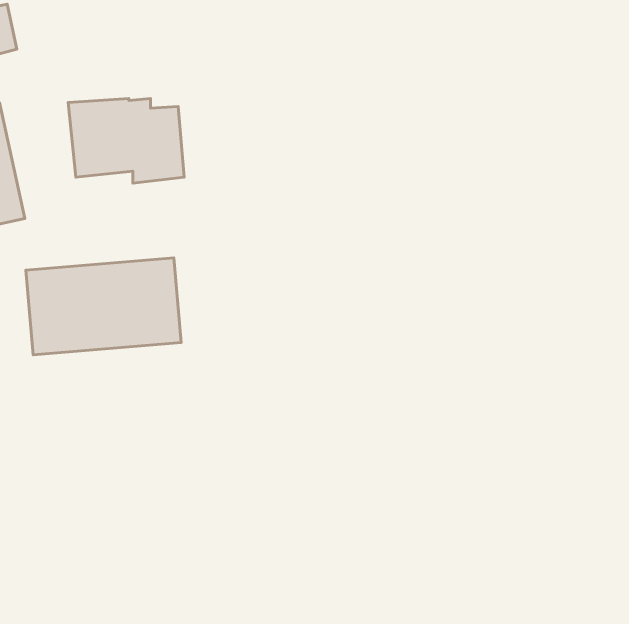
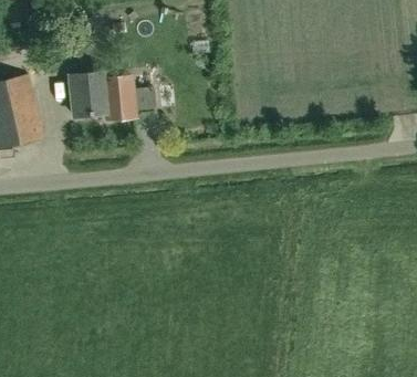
building: [26,258,181,355] -> none

